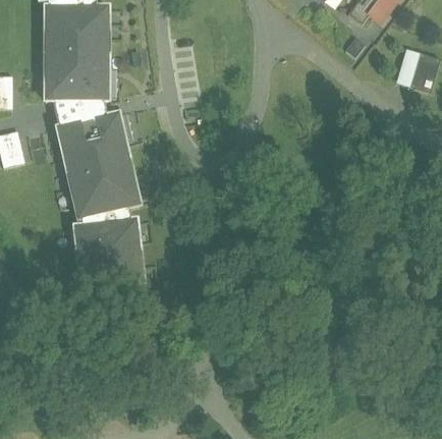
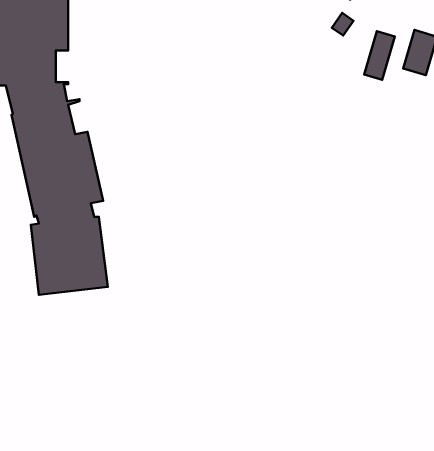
building: none -> [364,31,395,80]

